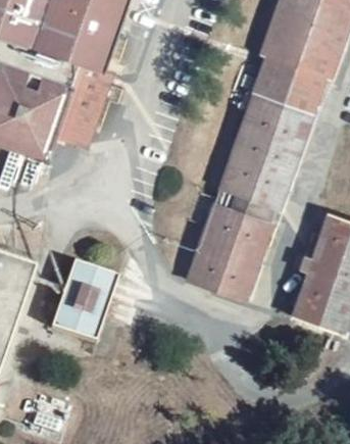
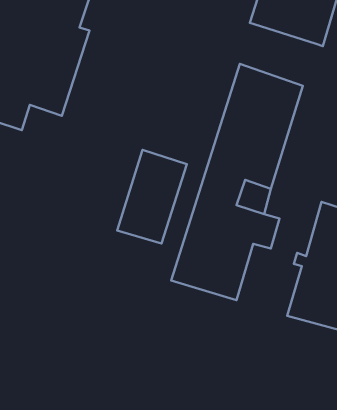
building: [253,60,323,117] -> none
building: [52,257,116,344] -> [117,150,187,244]

